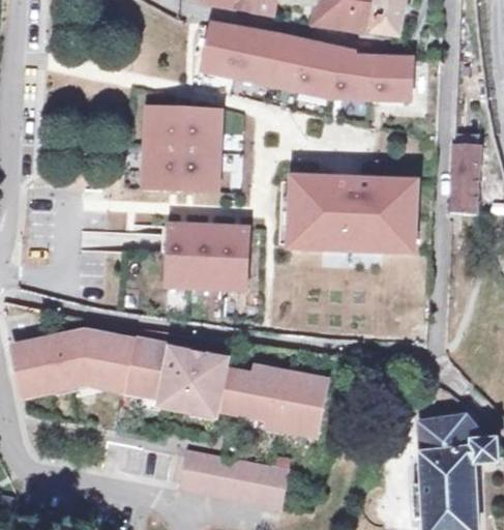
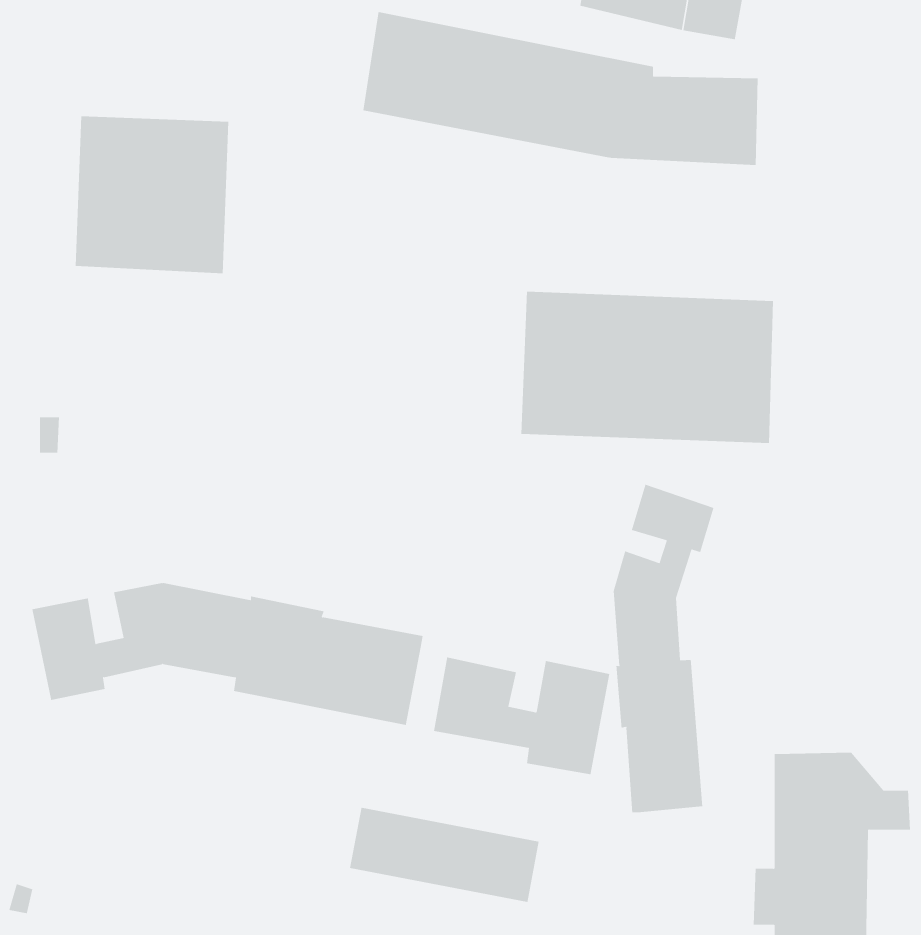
building: [139,106,223,192] -> [75,116,229,274]
building: [450,141,477,212] -> none
building: [164,223,247,289] -> none
building: none -> [613,484,714,813]

